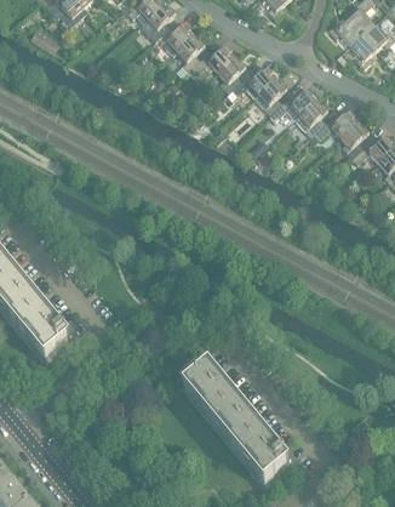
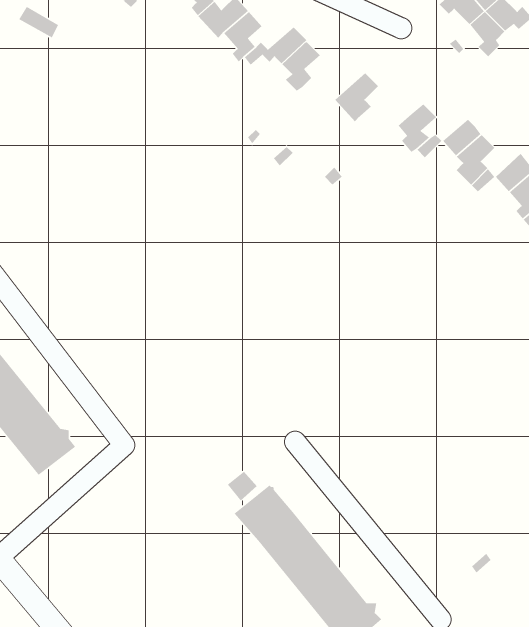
building: [225,64,276,97] -> none
building: [267,86,317,118] -> none

